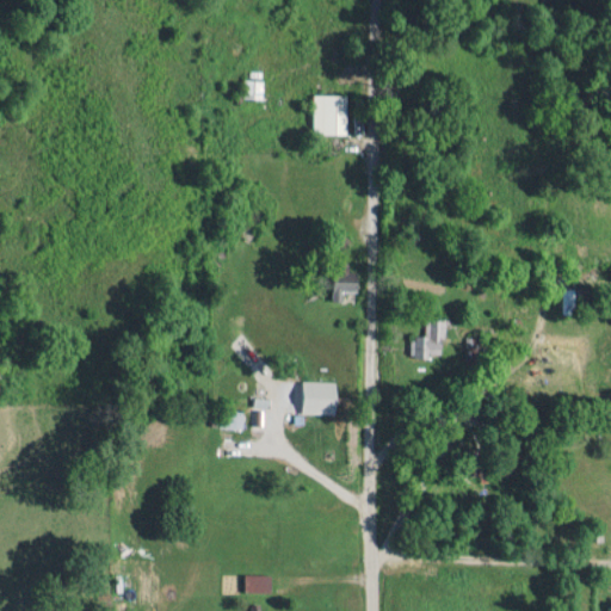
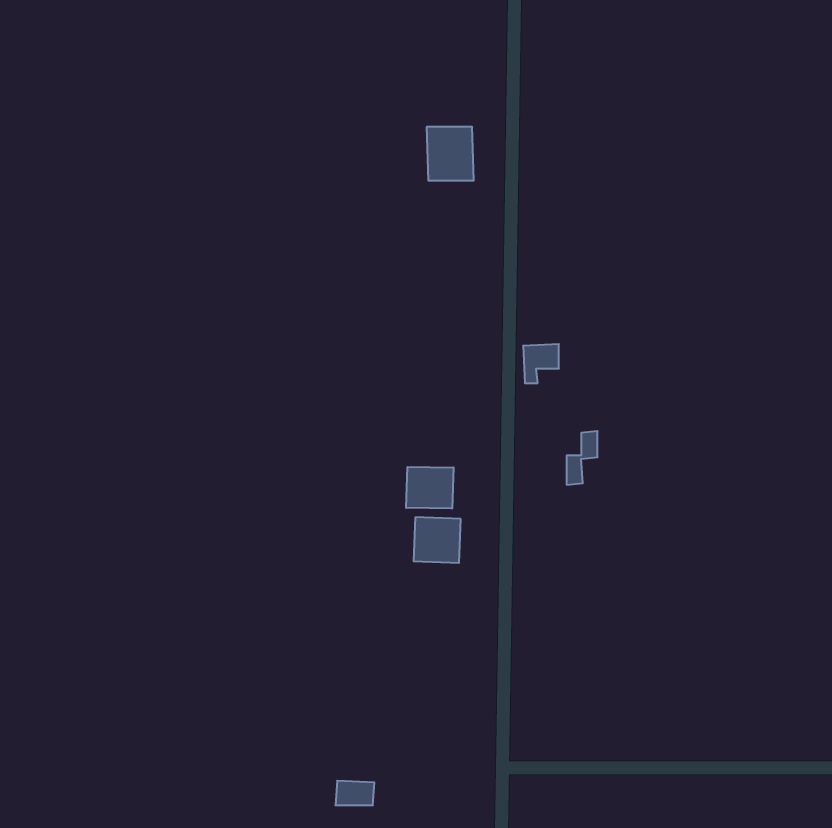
building: [333,273,359,302] -> [523,344,559,383]
building: none -> [406,467,454,509]

